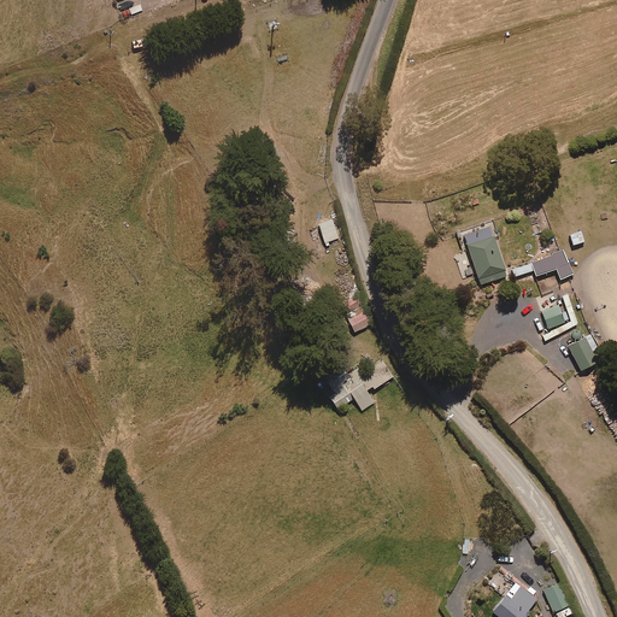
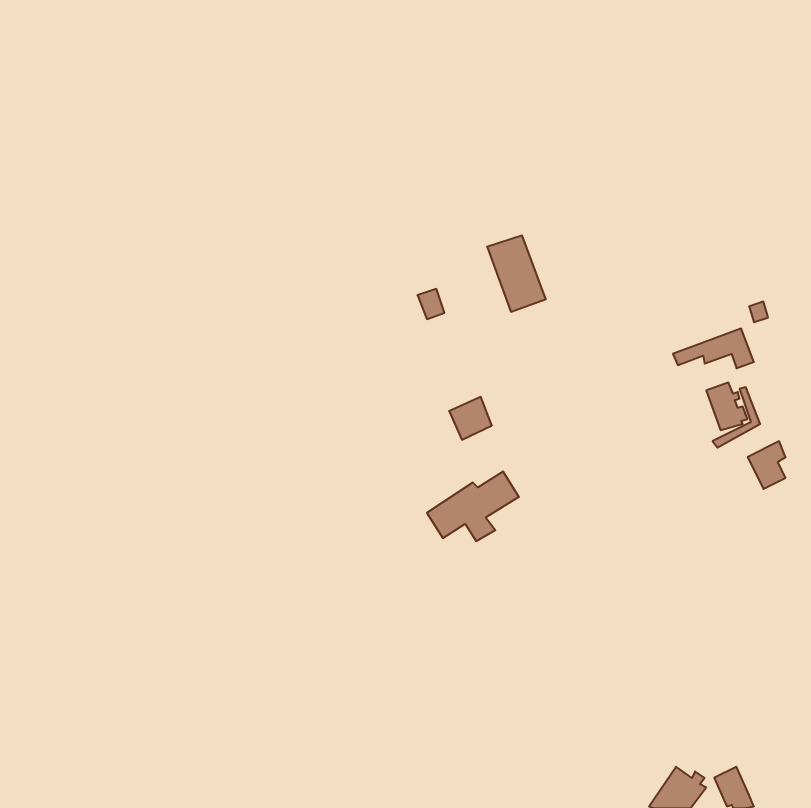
building: [462,227,506,284] -> [487,236,546,312]

